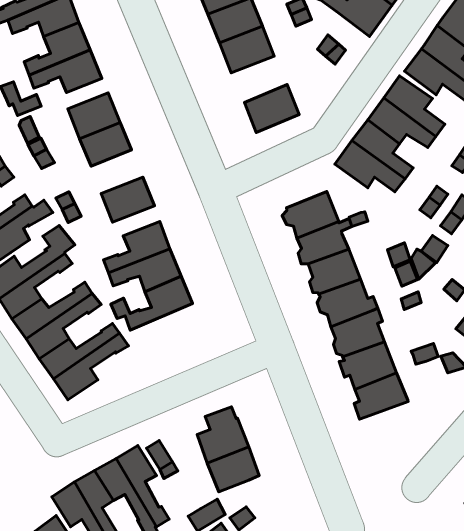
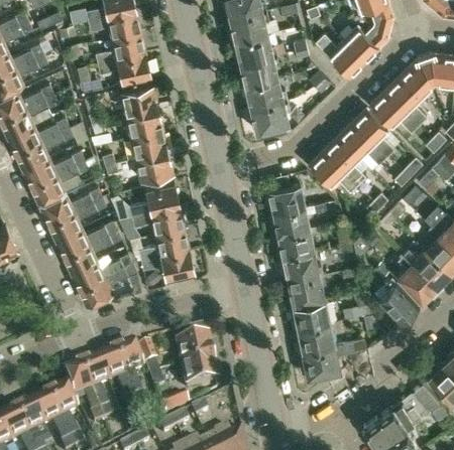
building: none -> [244,80,283,110]
building: none -> [131,131,167,159]
building: none -> [140,250,194,278]
building: none -> [300,340,366,378]

